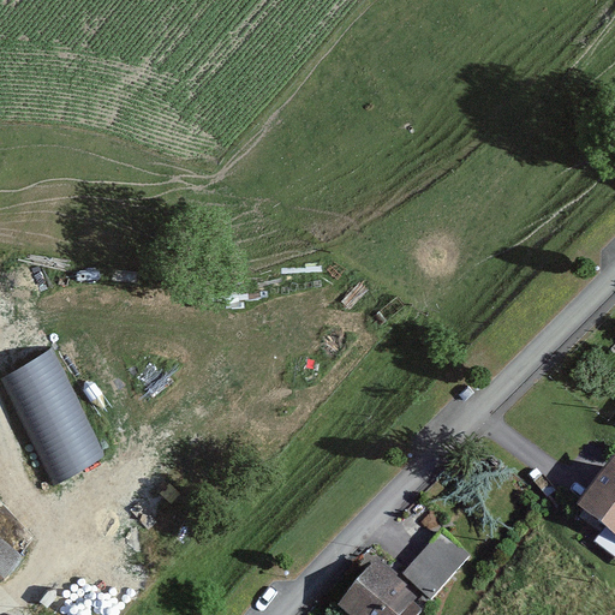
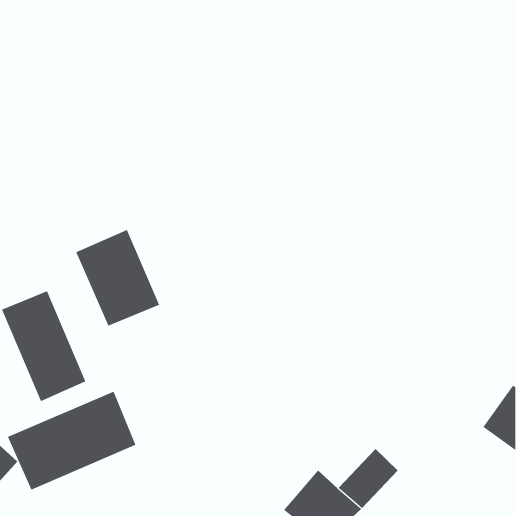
building: none -> [75,229,160,327]
building: none -> [7,391,136,491]

